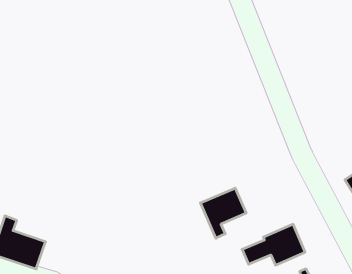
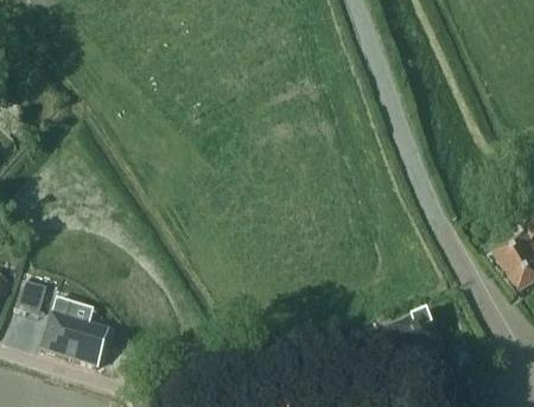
building: [200,188,246,238] -> none

